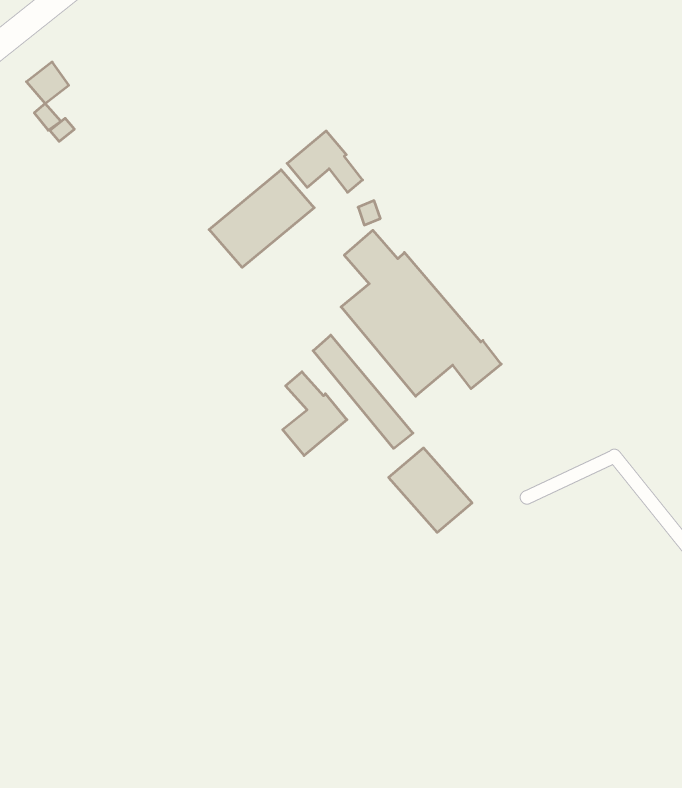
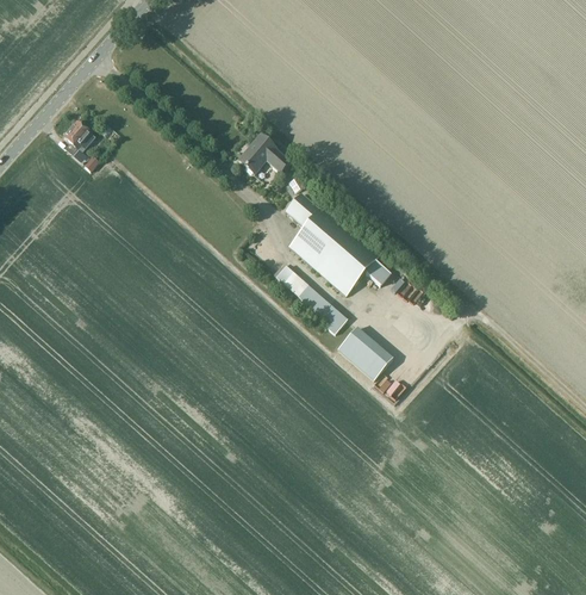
building: [209,170,314,267] -> none
building: [283,372,347,456] -> none

